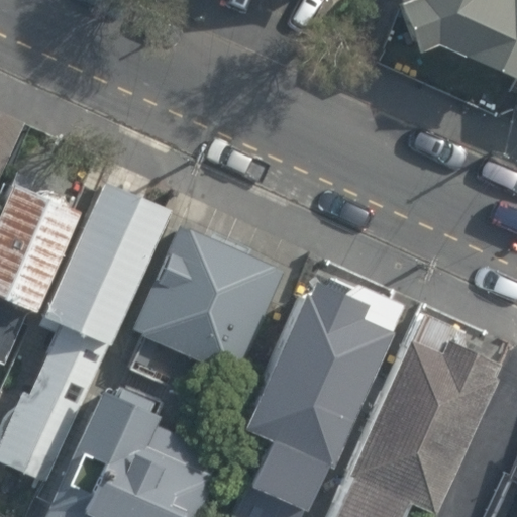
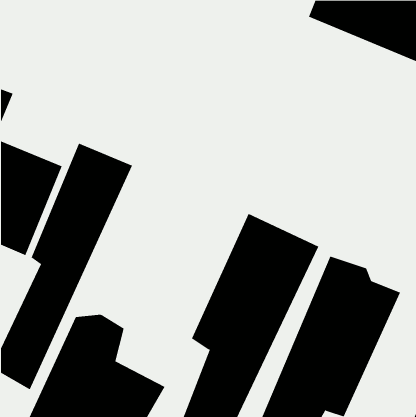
building: [138,231,279,373] -> none

